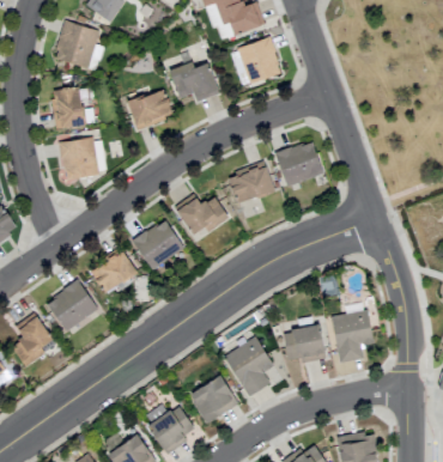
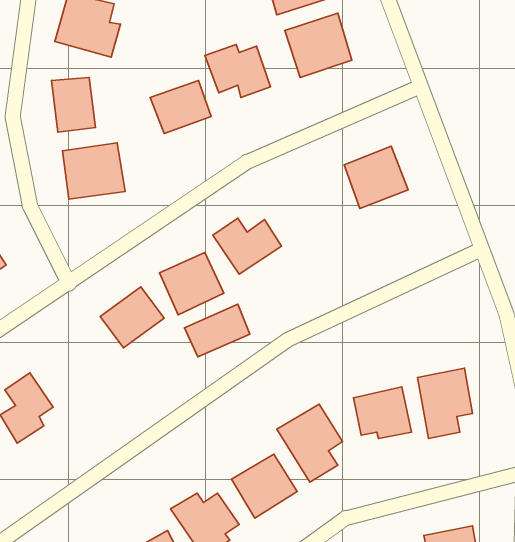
building: [226,162,275,203] -> none
building: none -> [185,304,250,357]
building: [47,280,98,332] -> none

